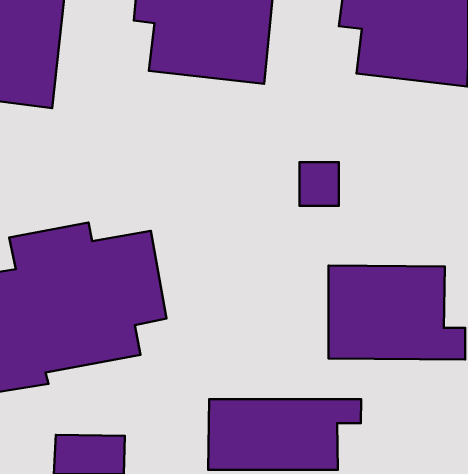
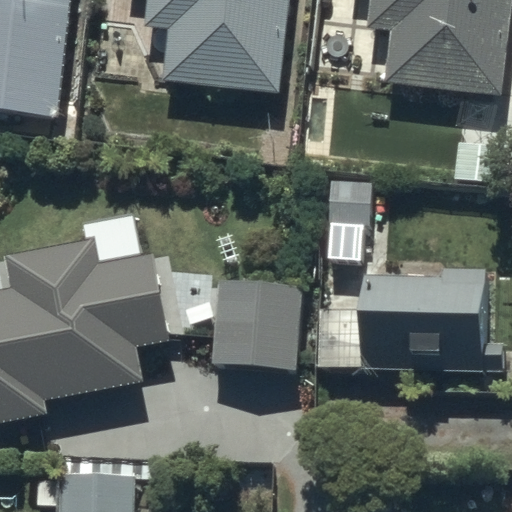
building: none -> [202,274,297,365]
building: [208,399,361,470] -> none

